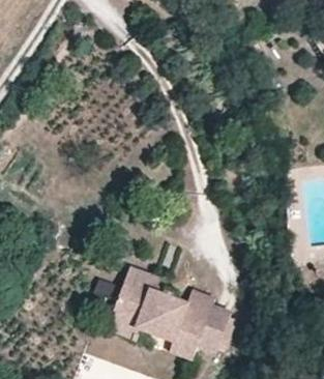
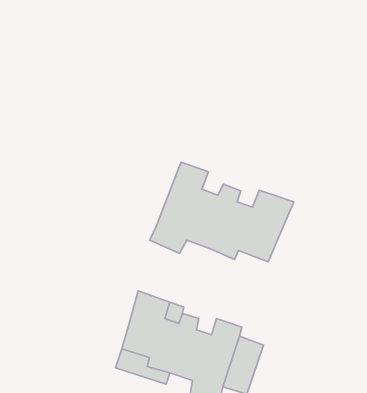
building: none -> [150,162,294,262]

